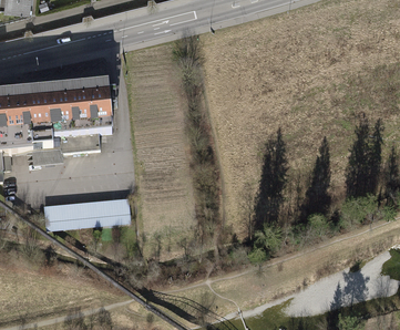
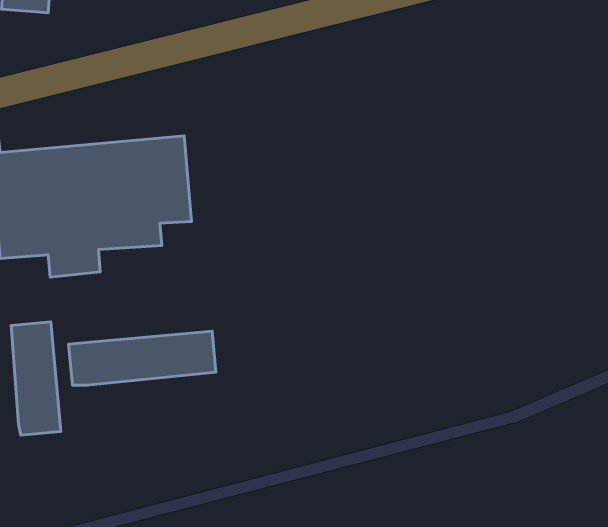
building: none -> [11,322,61,435]

